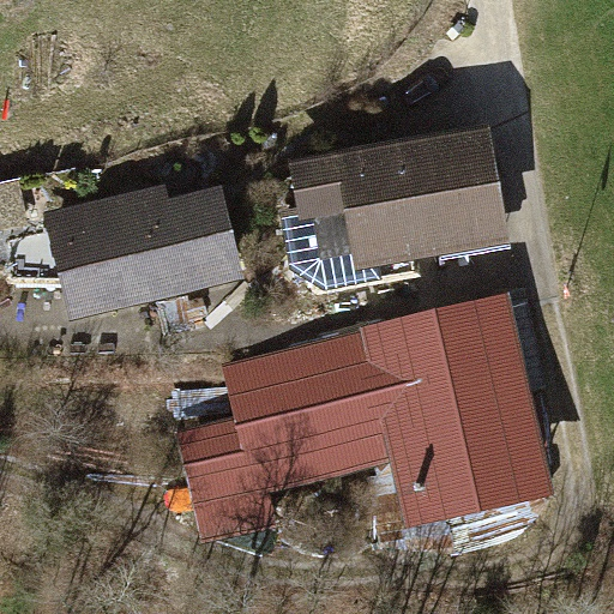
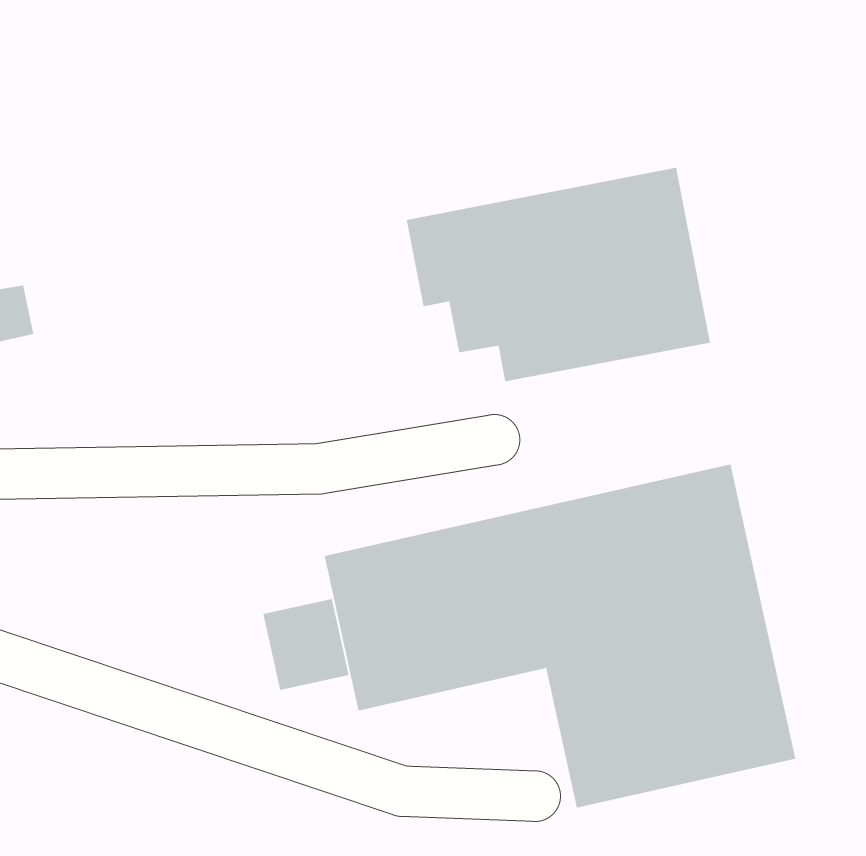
building: [36,175,246,321] -> none

